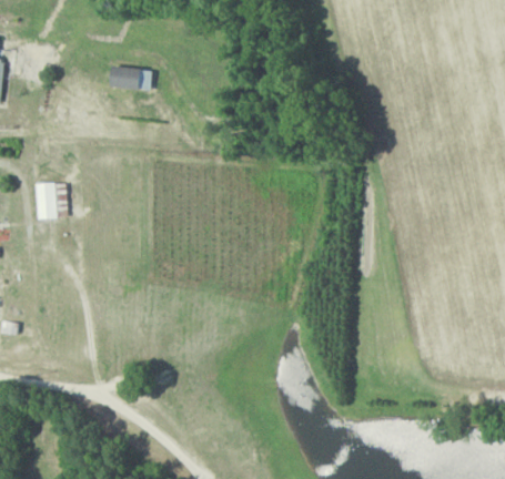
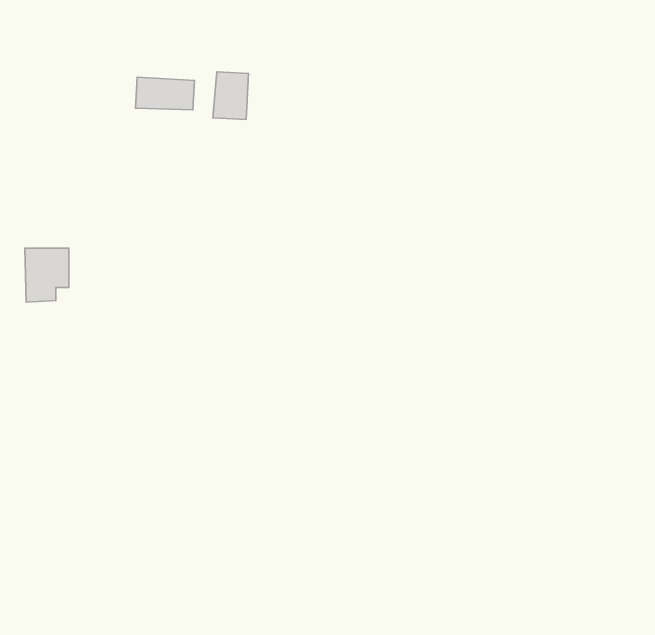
building: none -> [213,72,248,120]

